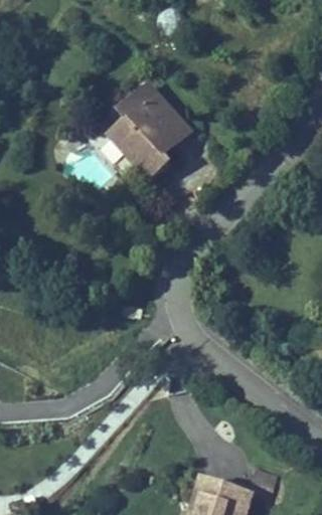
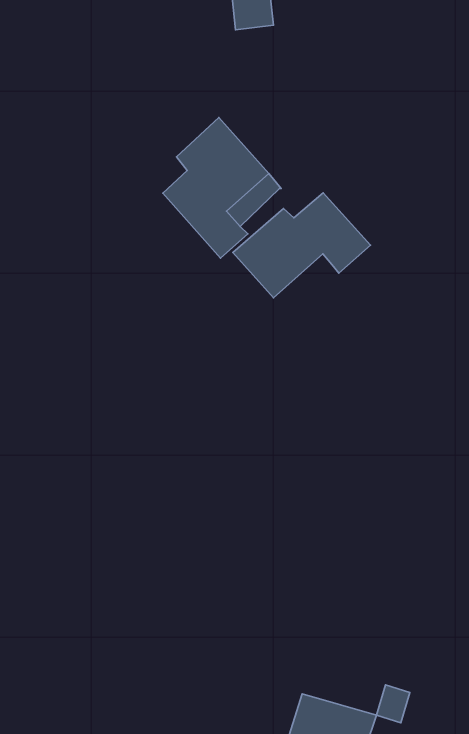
building: none -> [233,193,370,298]

